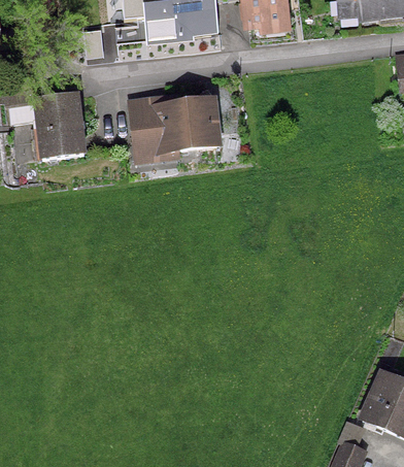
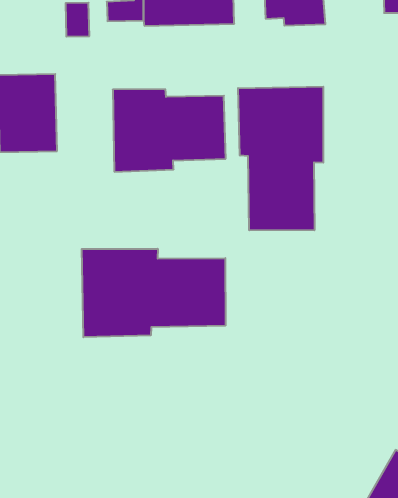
building: none -> [238,87,323,230]
building: none -> [82,249,225,337]

